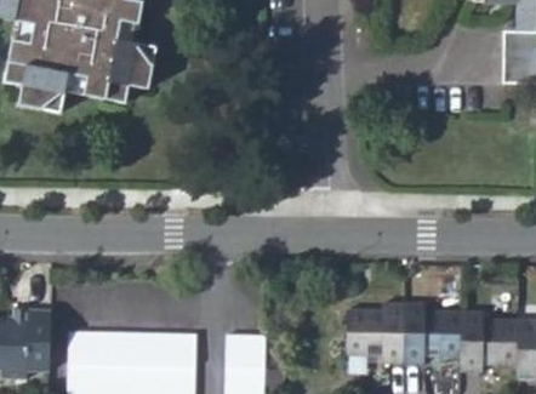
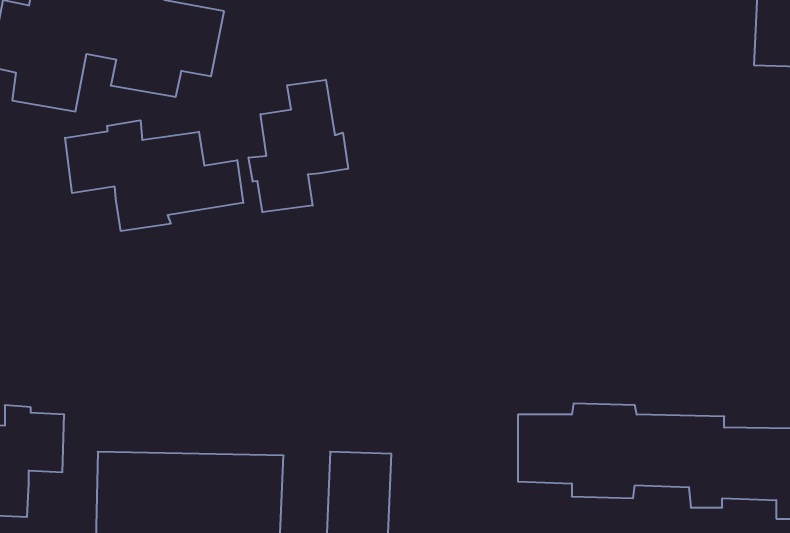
building: none -> [249,80,348,212]
building: none -> [65,120,243,231]

